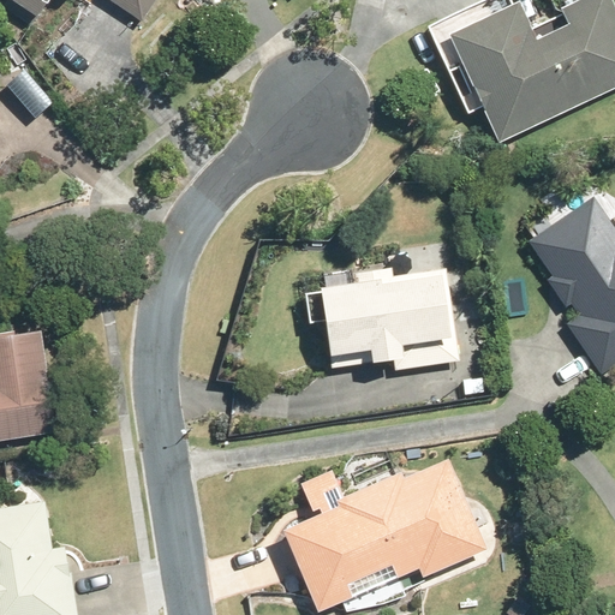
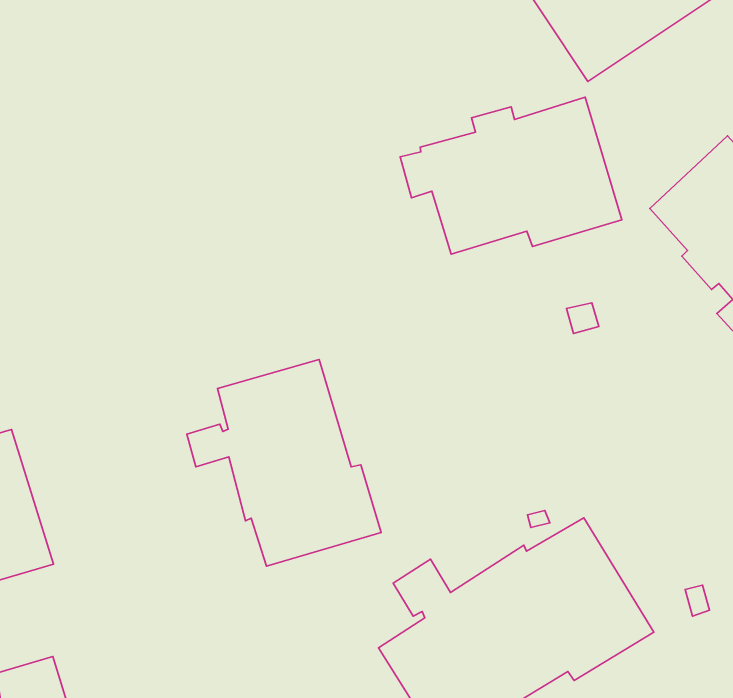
building: [304,267,459,371] -> [400,97,622,254]
building: none -> [187,359,381,566]

